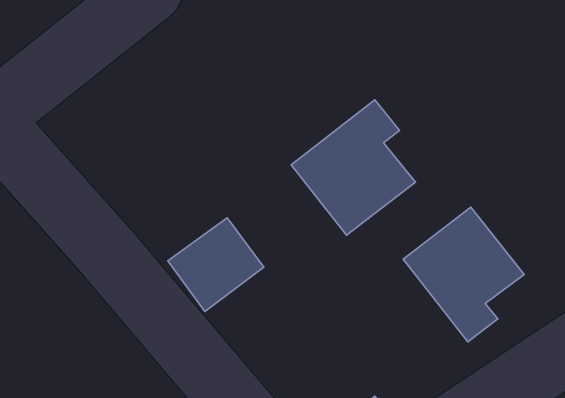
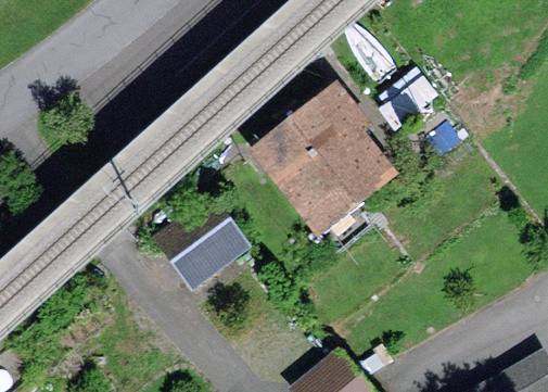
building: [403,207,524,342] -> none

